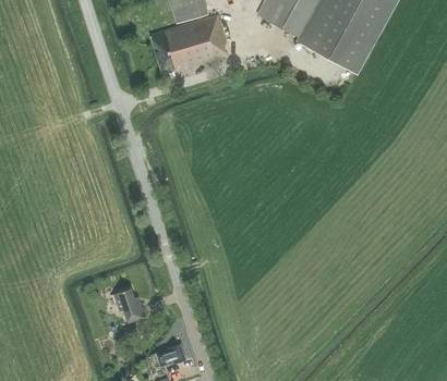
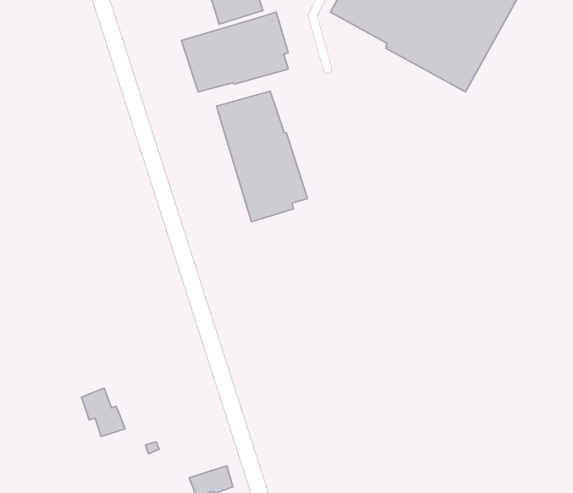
building: none -> [216,91,308,222]
building: [113,287,145,322] -> [82,388,125,436]

